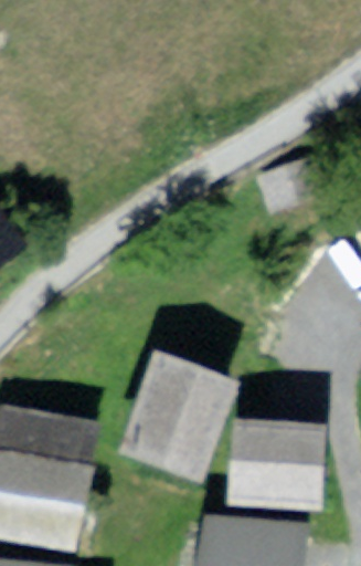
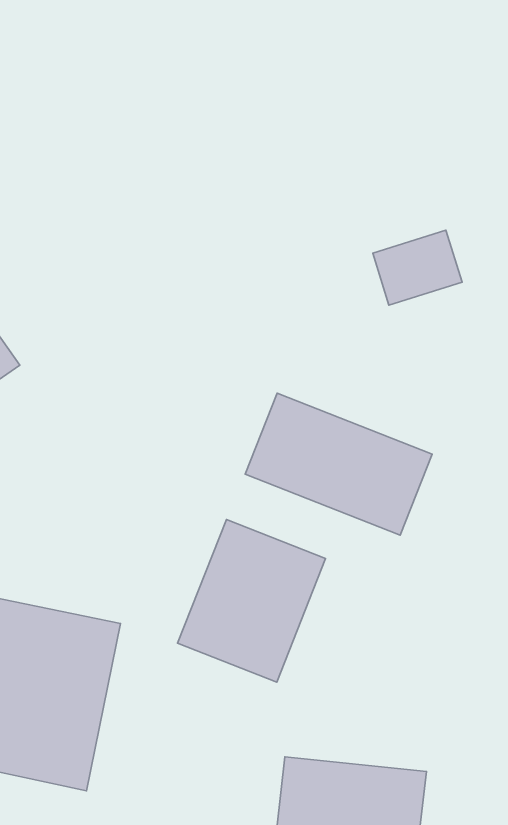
building: none -> [245,393,432,535]
building: [238,429,320,496] -> none

